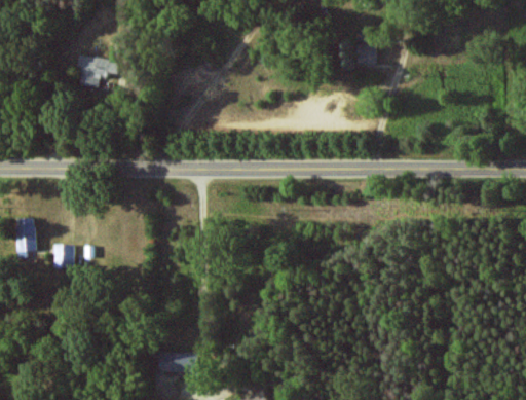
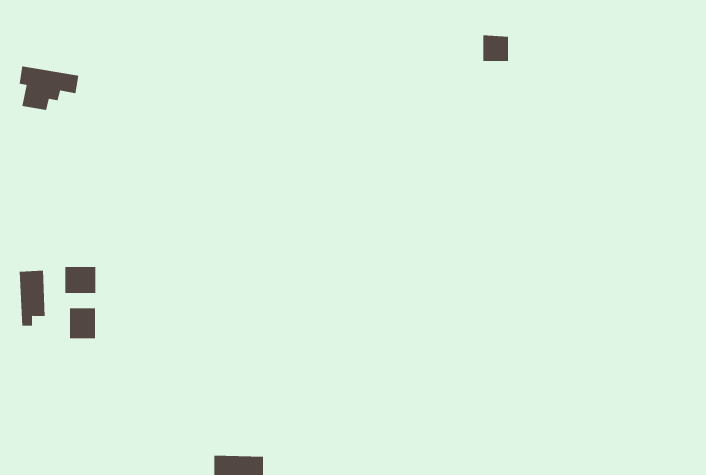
building: [77,54,121,87] -> [19,66,79,110]
building: none -> [65,266,96,294]

